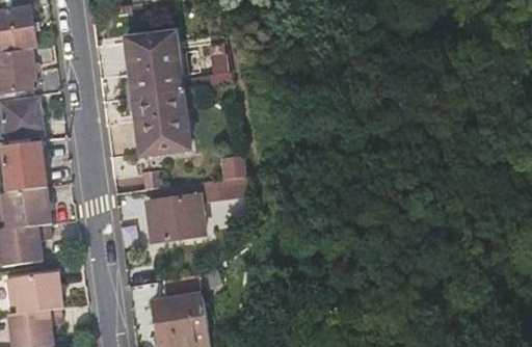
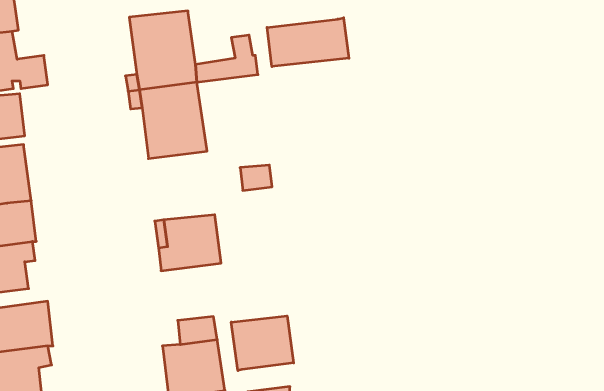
building: none -> [267,18,349,67]
building: [201,177,245,203] -> none
building: none -> [231,316,294,371]

